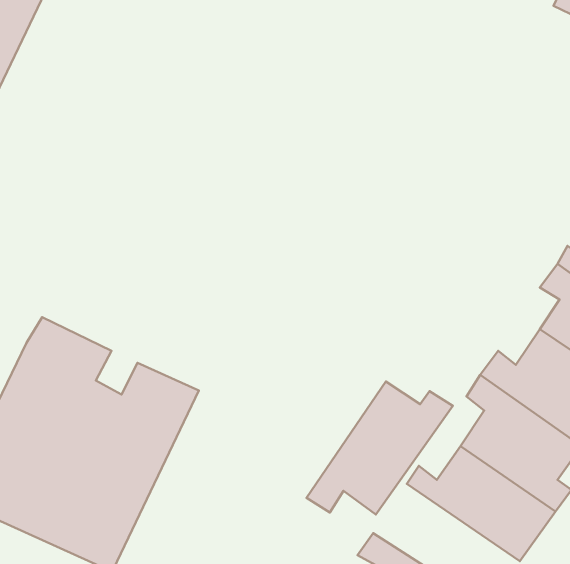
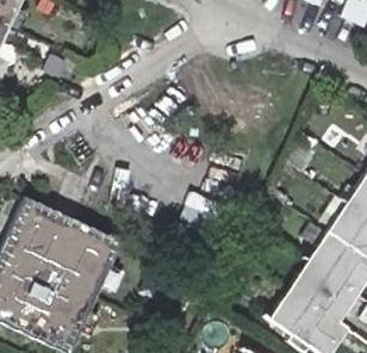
building: [306,382,453,514] -> none

